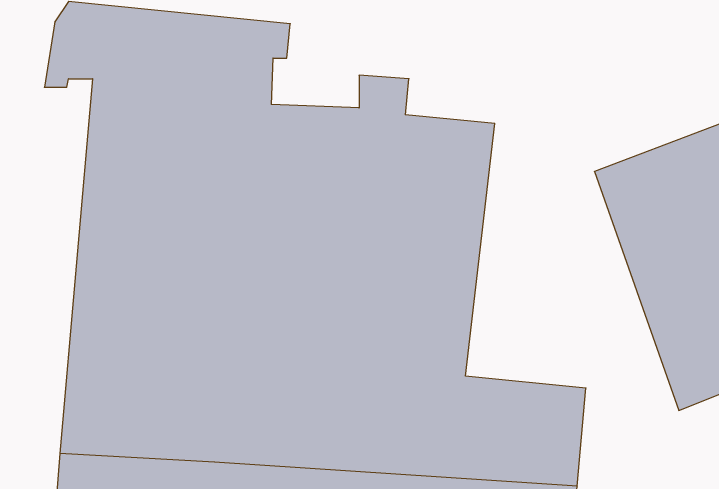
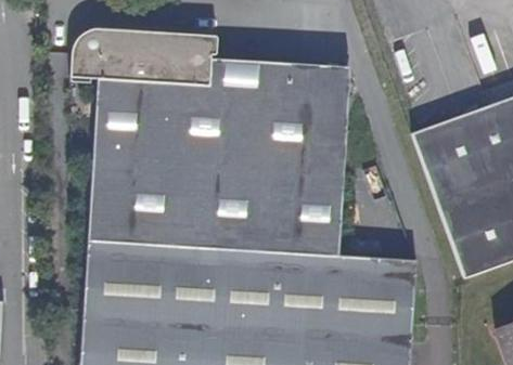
building: none -> [214,63,269,90]
building: none -> [298,71,357,100]

